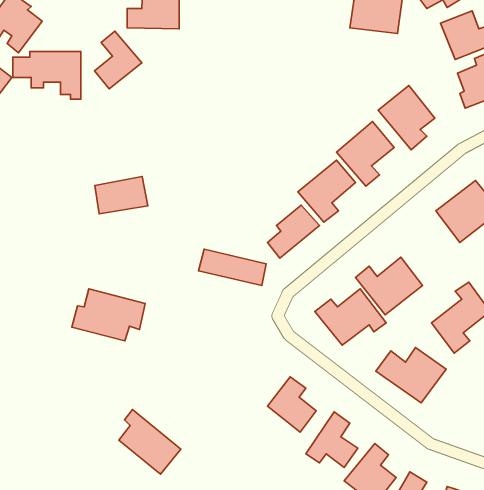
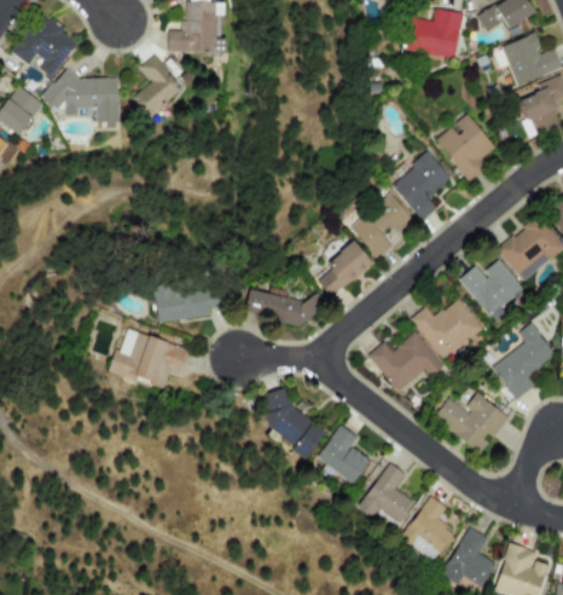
building: [95,176,148,214] -> [155,282,211,322]
building: none -> [460,259,524,316]
building: [119,410,181,474] -> [261,387,327,456]

